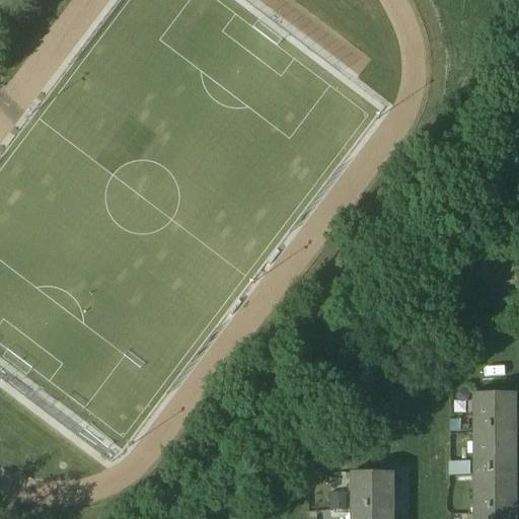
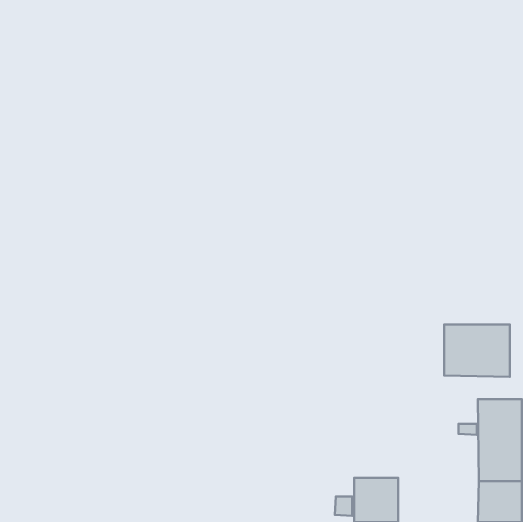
building: none -> [444,325,510,377]

